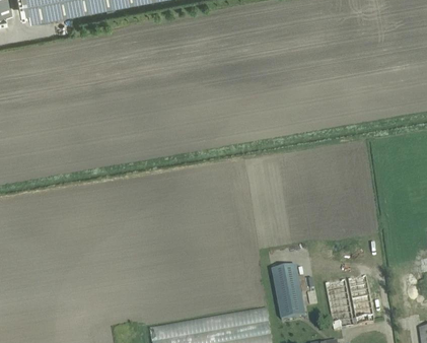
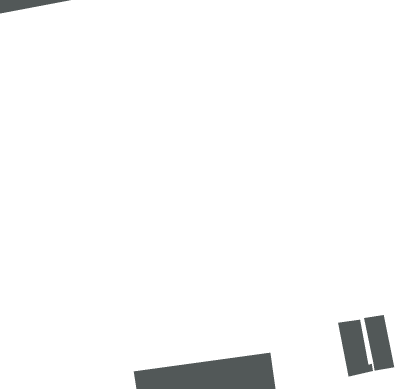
building: [273,267,306,322] -> none

